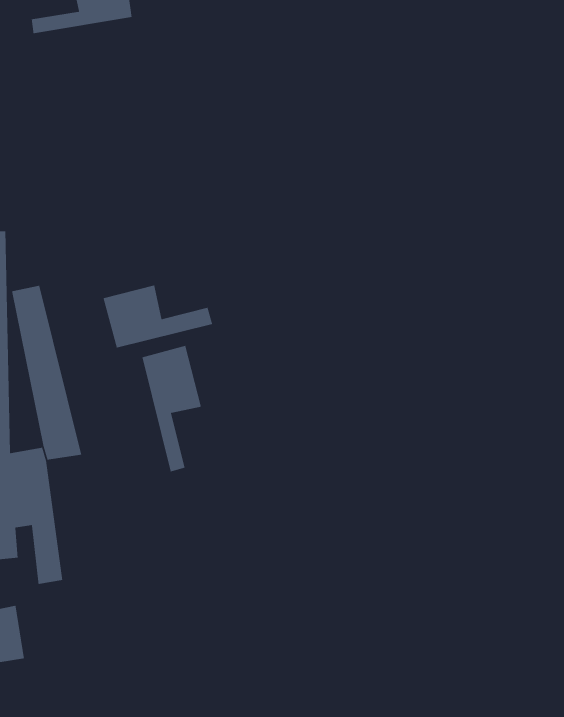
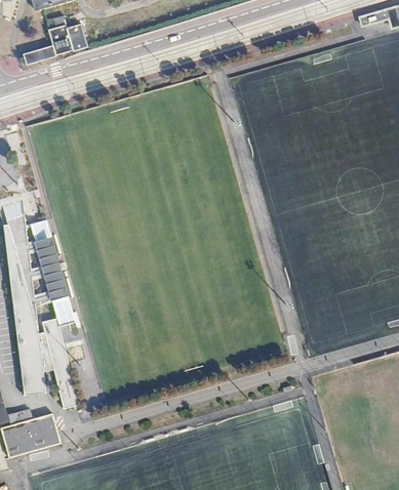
building: [102,285,213,349] -> none
building: [142,345,202,472] -> none

